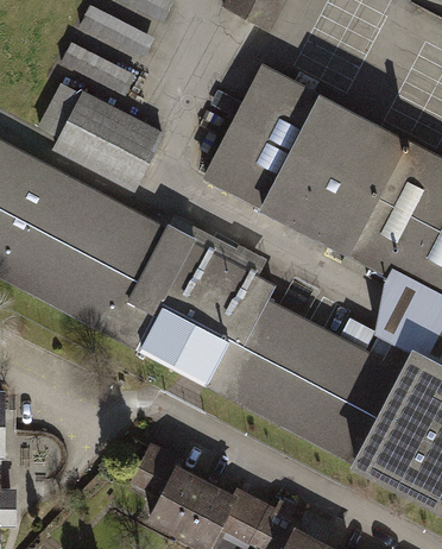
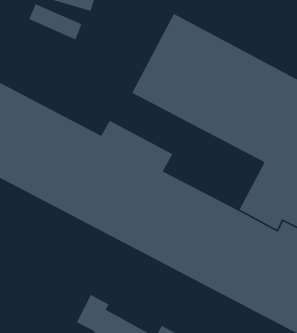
building: [43,84,163,194] -> none

